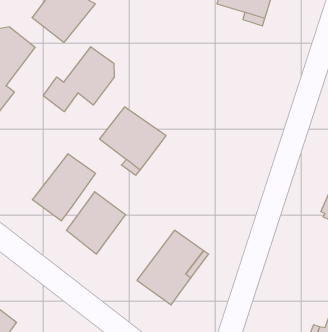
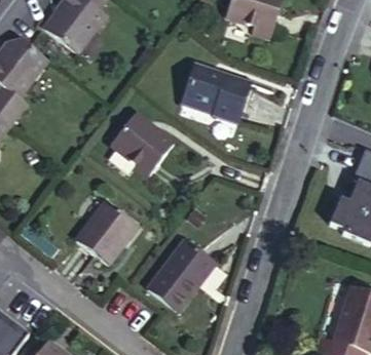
building: [43,47,114,112] -> none
building: none -> [182,67,252,127]
building: [32,154,96,221] -> none

